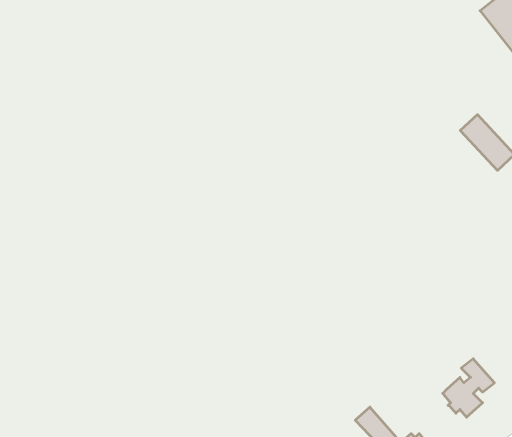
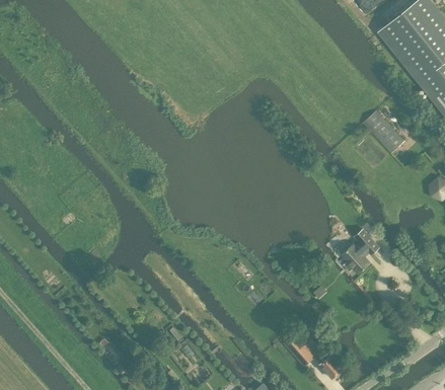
building: [443,359,494,417] -> [341,230,380,275]

